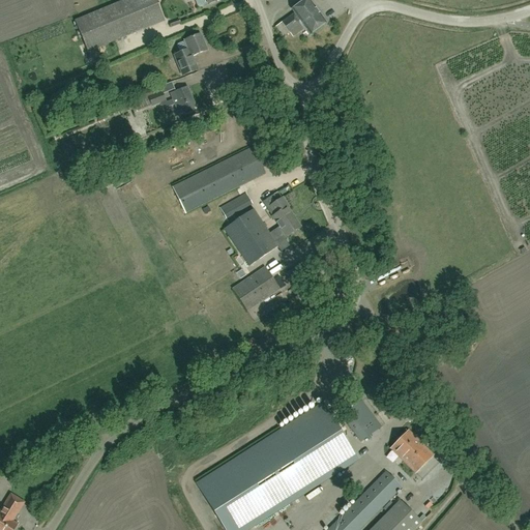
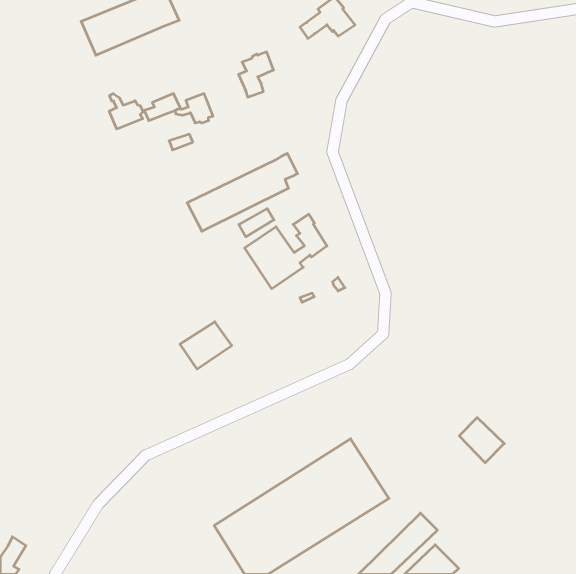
building: [174,33,206,75] -> [239,52,274,97]
building: none -> [109,94,143,129]
building: [233,266,281,310] -> [180,322,232,369]
building: [342,401,381,441] -> none
building: [391,431,433,472] -> [459,418,504,463]

